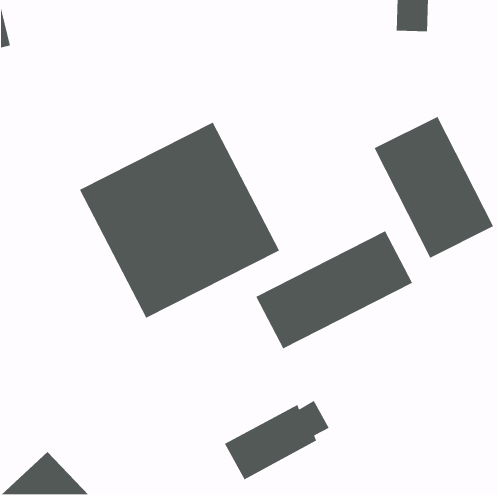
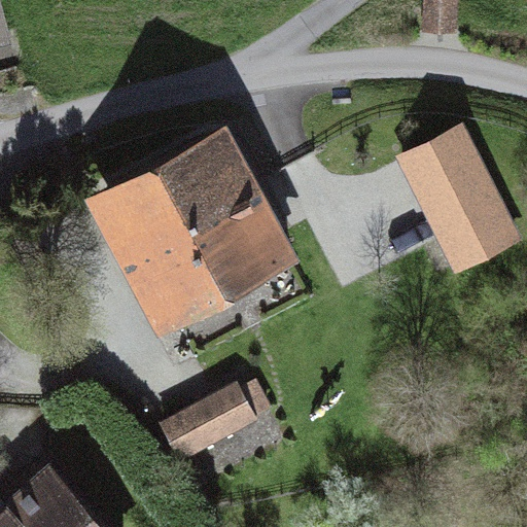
building: [255,230,413,350] -> none
building: [224,400,330,481] -> [160,378,272,463]

